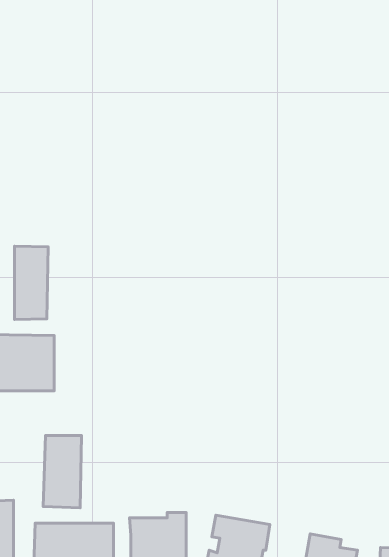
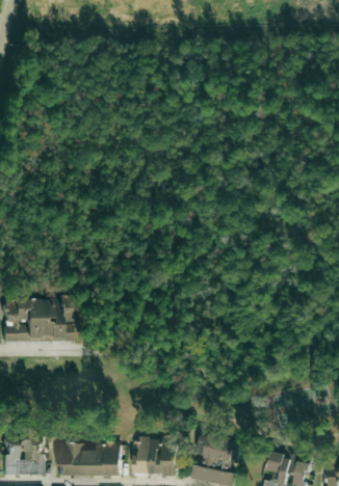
building: [14,246,48,320] -> none
building: [43,435,81,508] -> none

